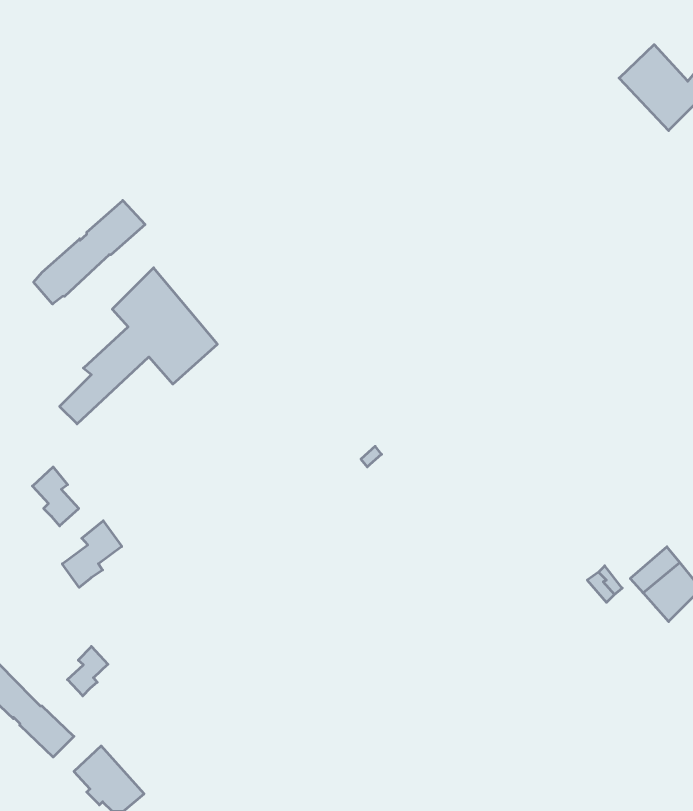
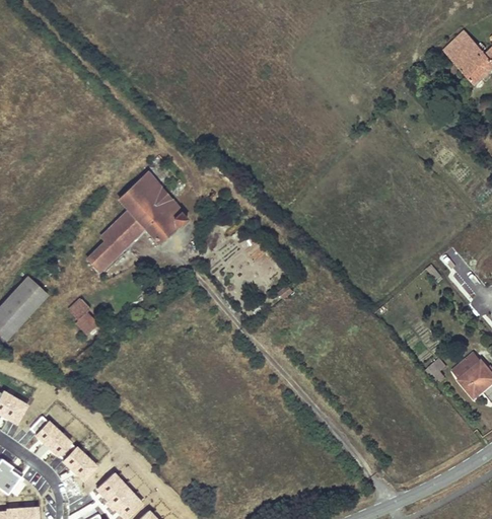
building: [34,200,145,304] -> none
building: [62,521,122,587] -> none
building: [67,646,108,696] -> none

